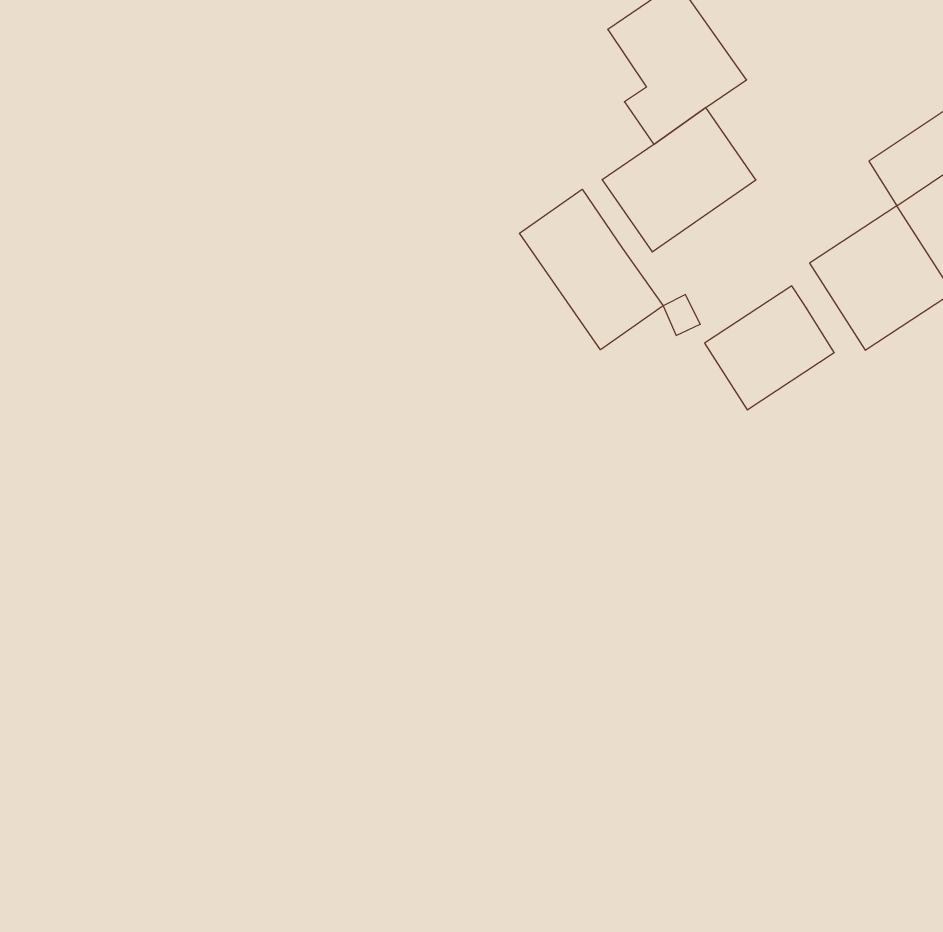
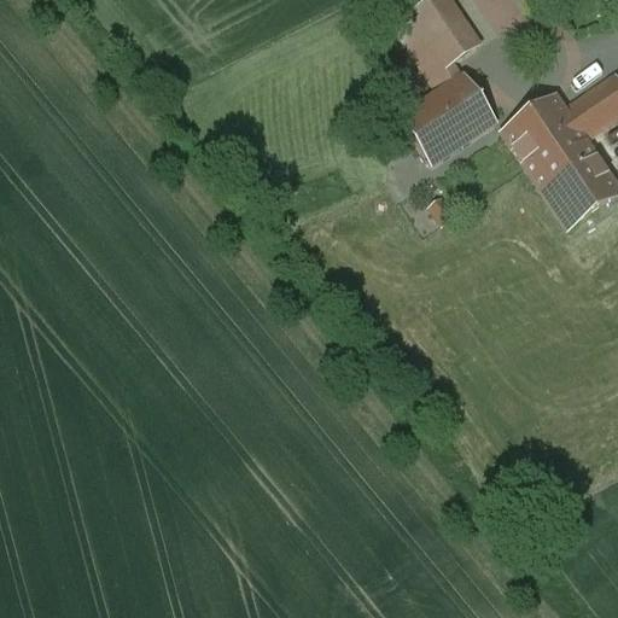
building: [519,189,663,350] -> none
building: [705,286,834,410] -> [502,91,587,171]

